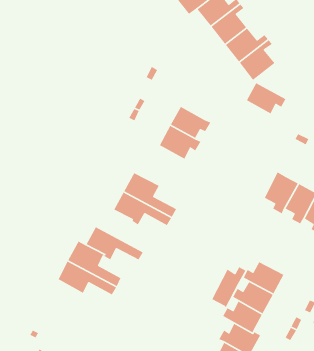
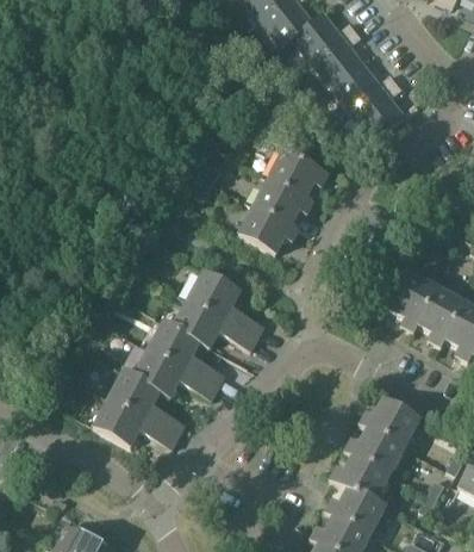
building: [246,82,287,115] -> [270,149,329,196]
building: none -> [149,320,225,385]
building: [211,266,247,308] -> none

